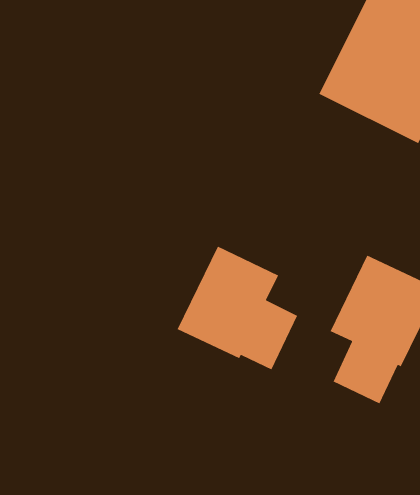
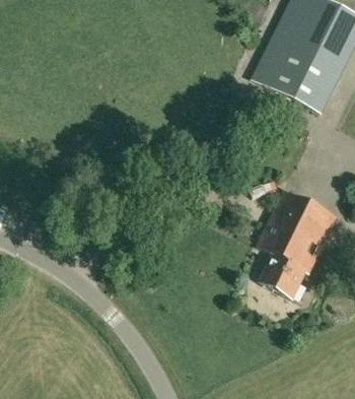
building: [176,246,298,371] -> none

